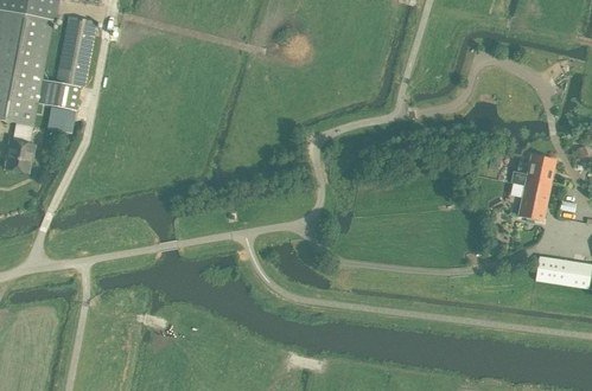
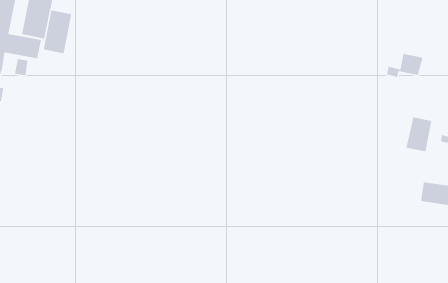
building: none -> [43,10,72,54]
building: [510,155,555,185] -> [386,53,424,78]

